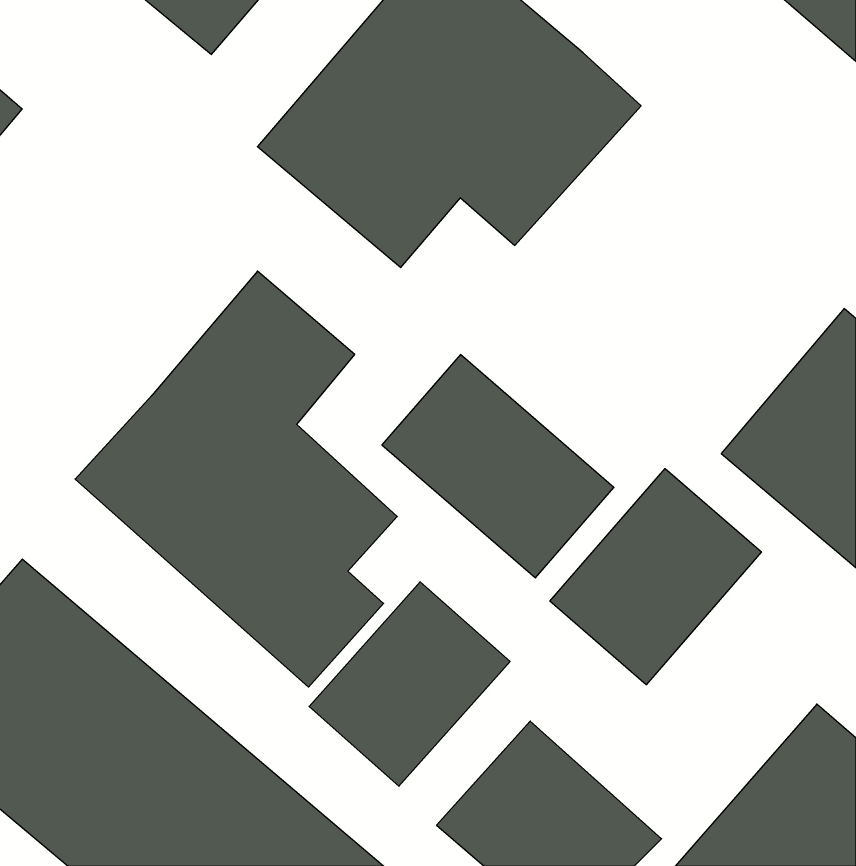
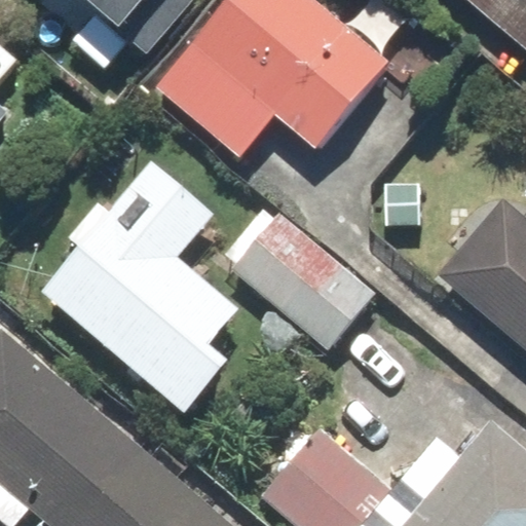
building: [550,469,761,685] -> none
building: [309,582,510,786] -> none

